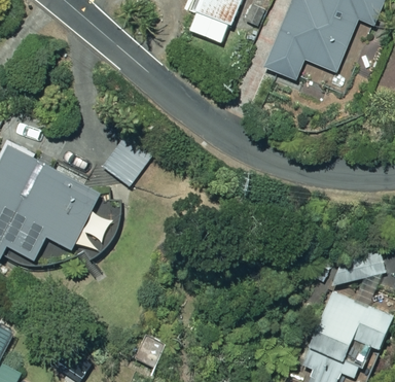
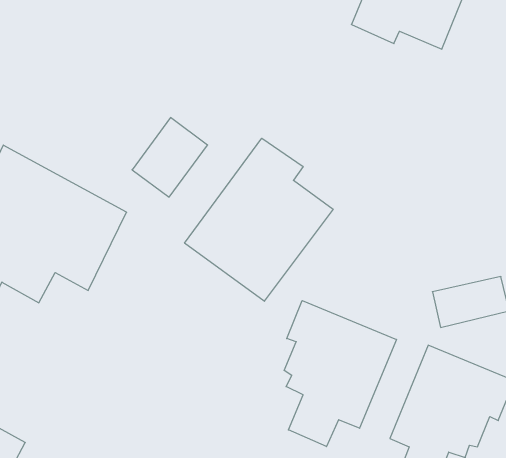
building: none -> [185,138,333,301]
building: none -> [284,301,396,447]

